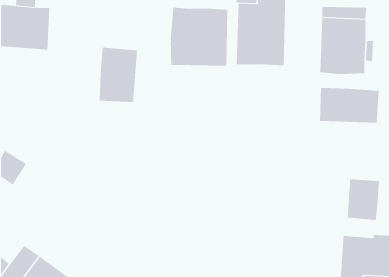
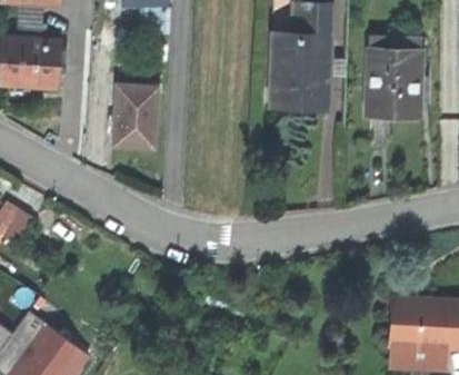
building: [170,7,228,67] -> none
building: [319,87,379,123] -> none
building: [347,179,380,221] -> none

